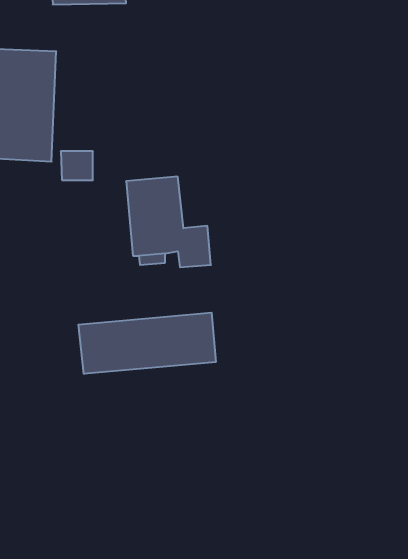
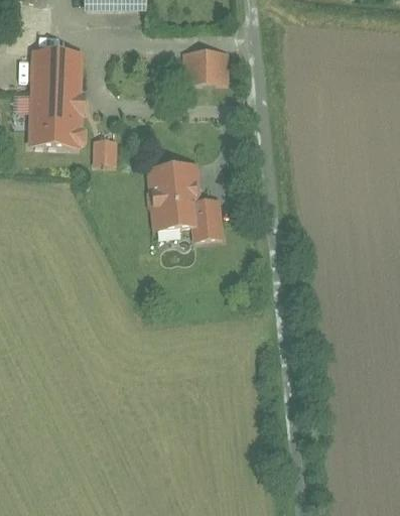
building: none -> [179,47,229,82]
building: [78,313,216,374] -> none

